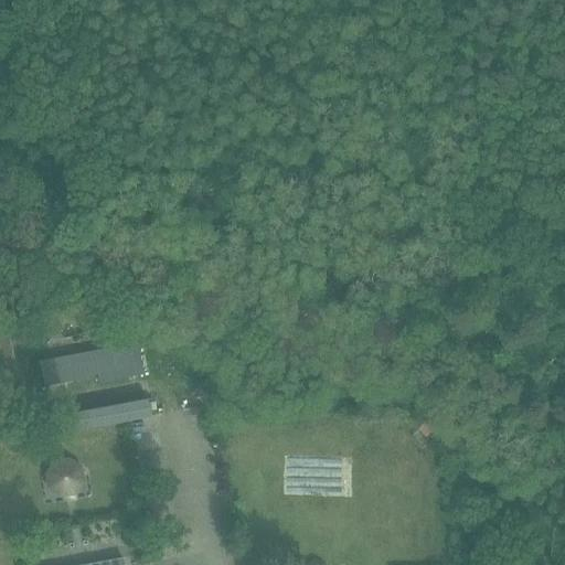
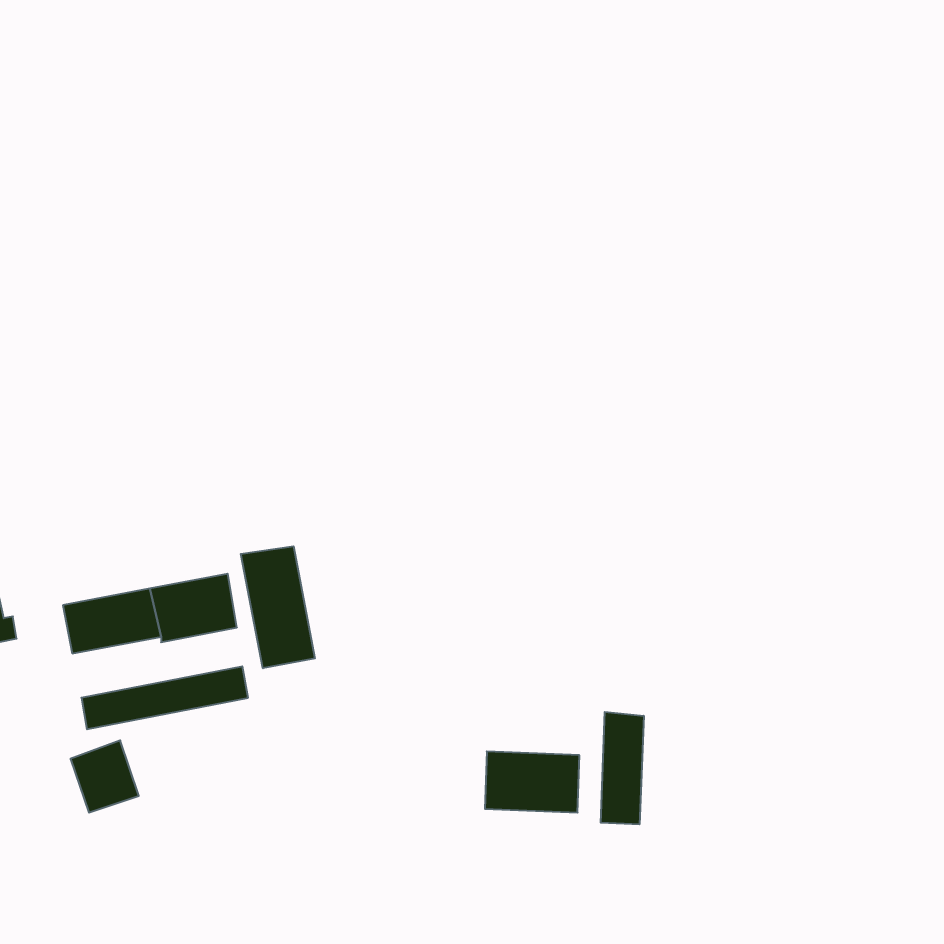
building: none -> [241,546,315,668]
building: none -> [601,712,644,824]

